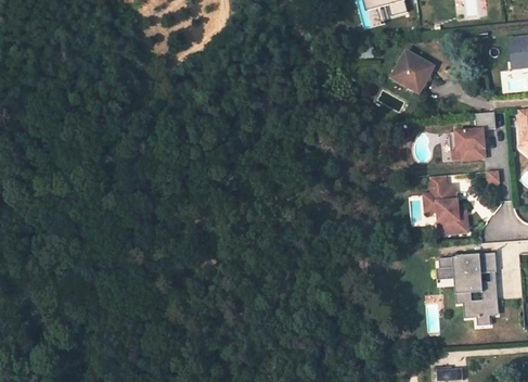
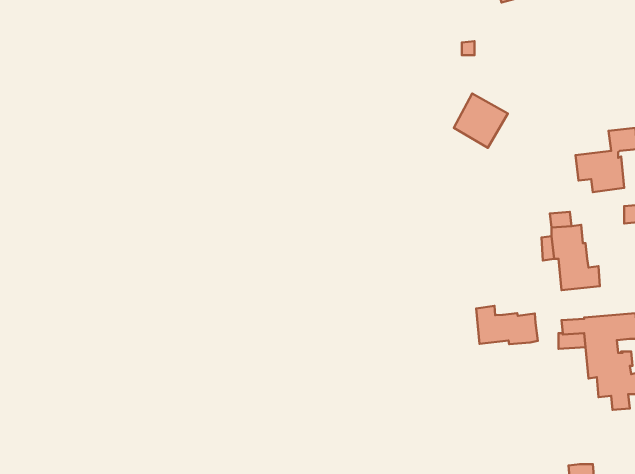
building: [391,51,433,92] -> [454,94,508,148]
building: none -> [476,306,538,344]

